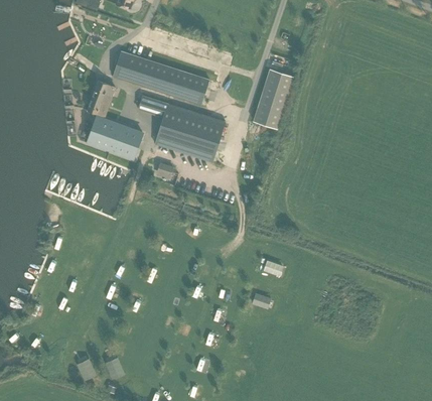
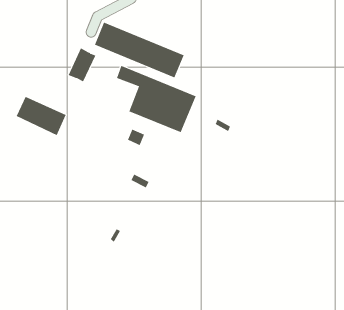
building: [254,69,294,129] -> none
building: [88,118,141,157] -> [16,96,66,136]

